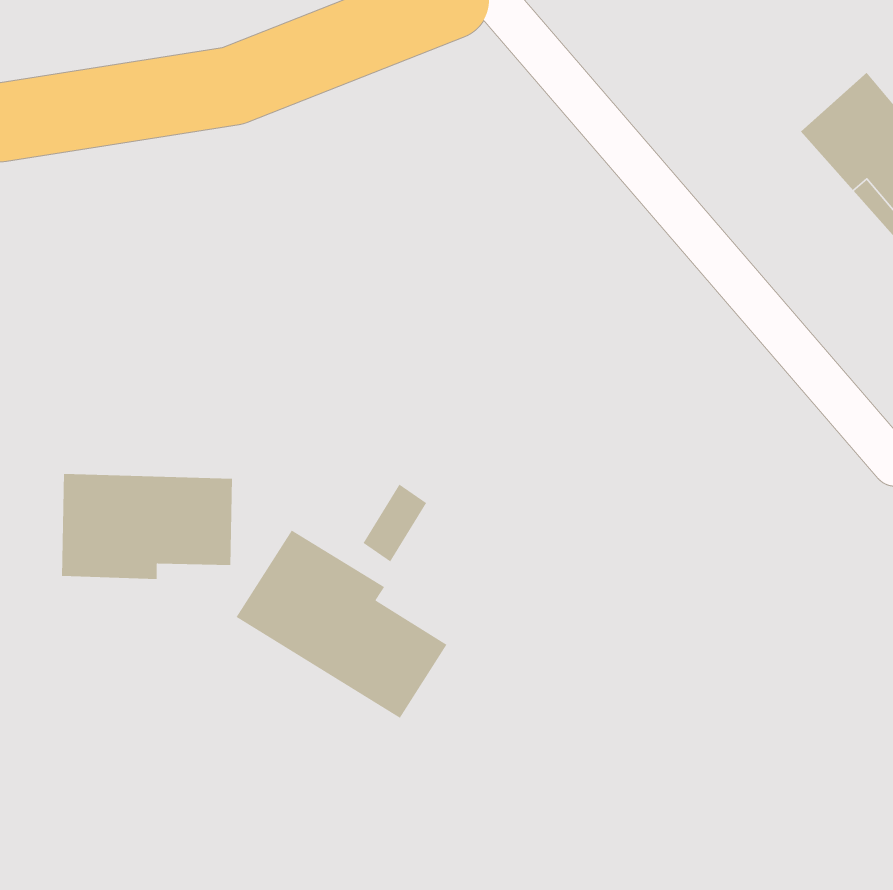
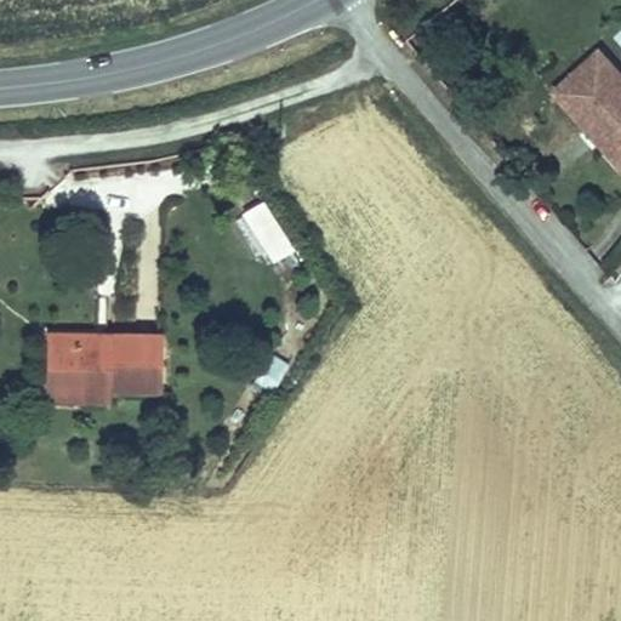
building: none -> [243,201,295,264]
building: [236,530,447,719] -> none

